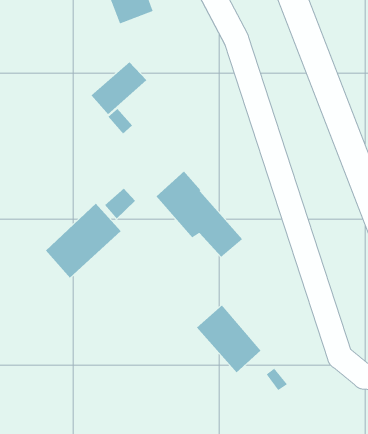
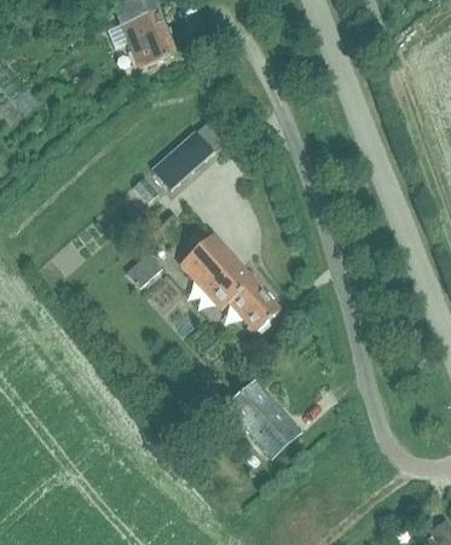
building: [90,62,147,115] -> [150,131,213,190]
building: [45,203,122,278] -> none

